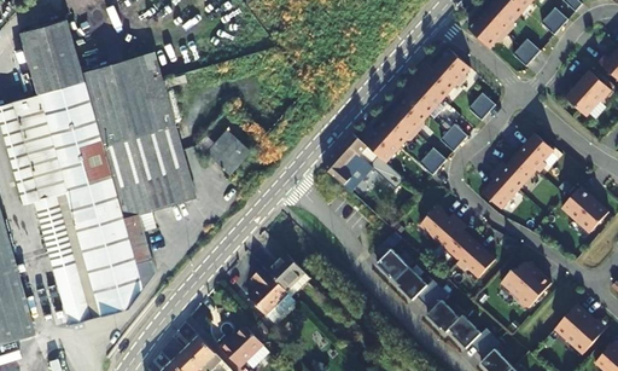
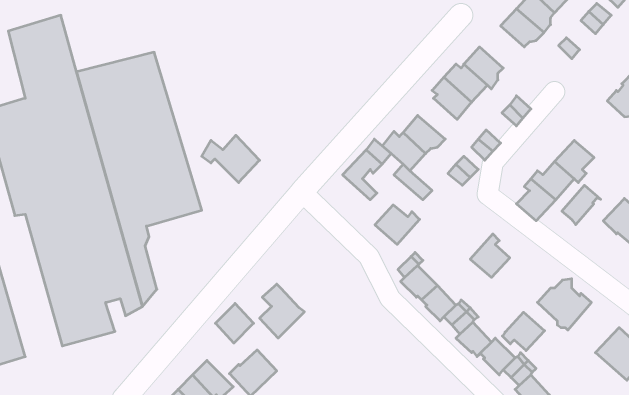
building: [392,95,428,133] -> none
building: none -> [562,185,601,225]
building: [420,207,461,243] -> [375,205,420,244]
building: [457,242,496,277] -> [502,312,545,351]
building: [267,251,302,288] -> [215,303,254,343]

